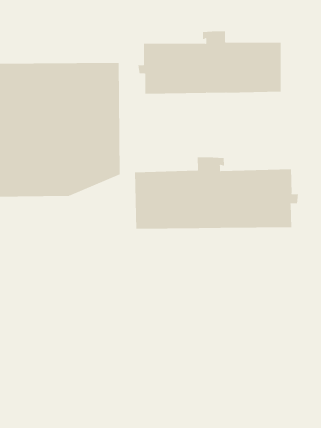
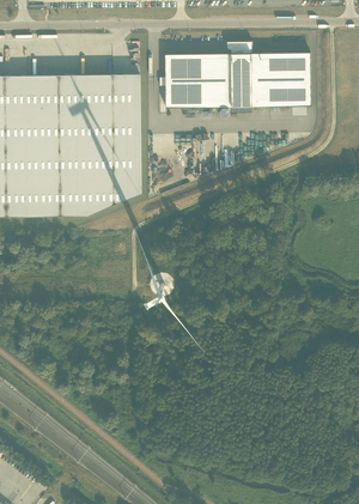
building: [134,157,298,229] -> none

